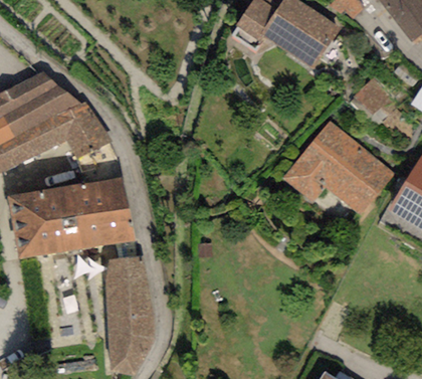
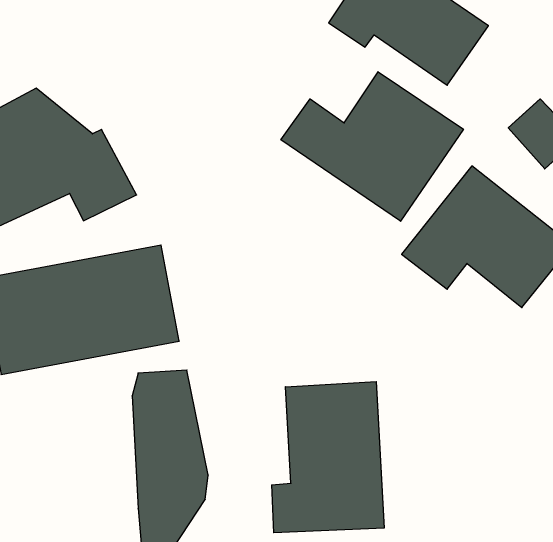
building: none -> [281,72,463,221]
building: none -> [272,382,384,533]

